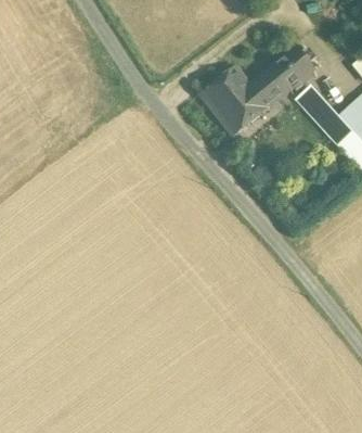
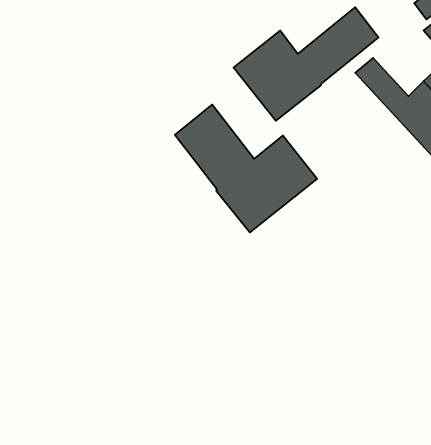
building: none -> [175,104,317,232]

